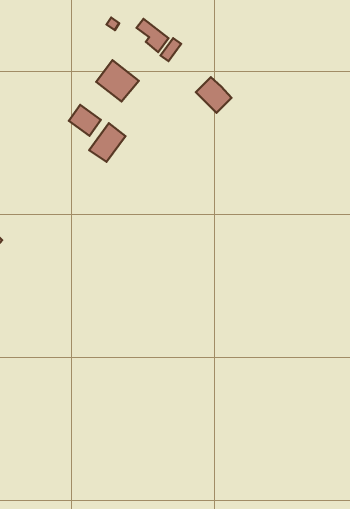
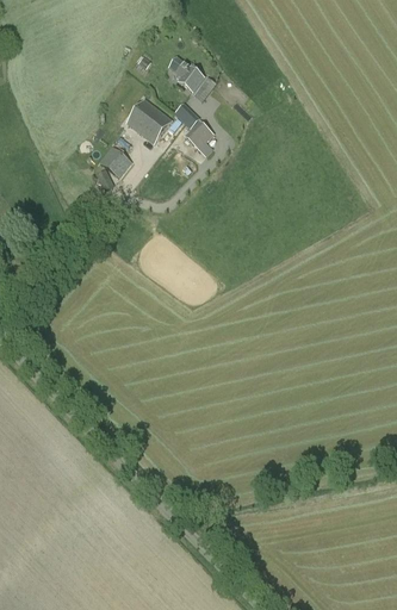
building: [196,77,232,113] -> [182,119,219,156]
building: [89,123,125,162] -> none

